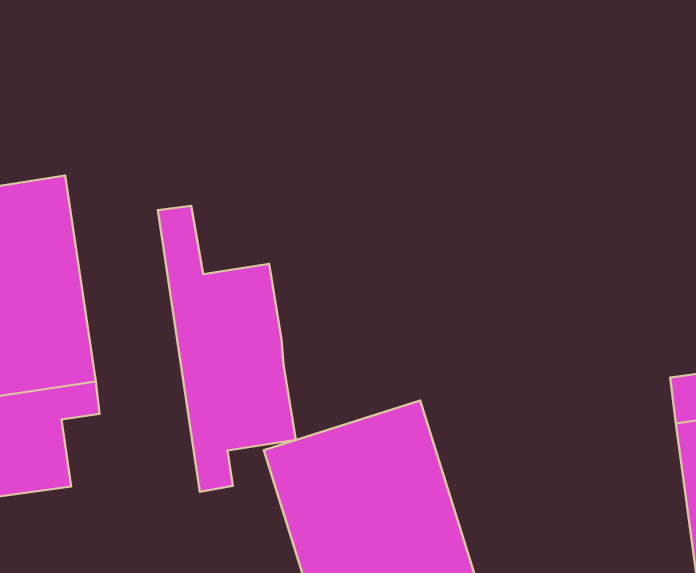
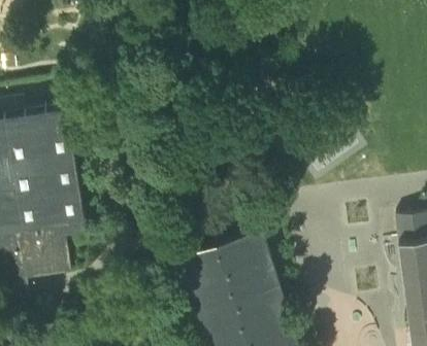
building: [158,206,296,492] -> none

